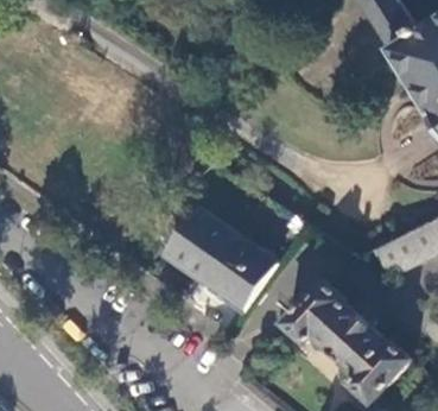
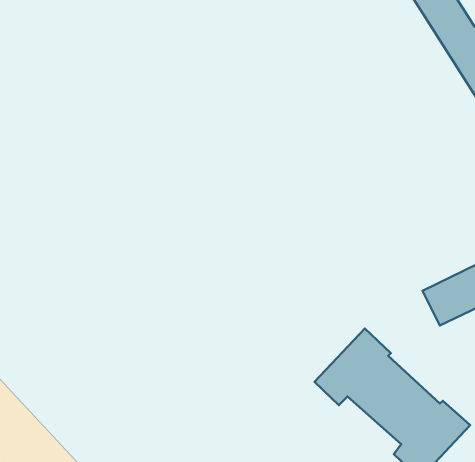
building: [163,208,274,316] -> none

